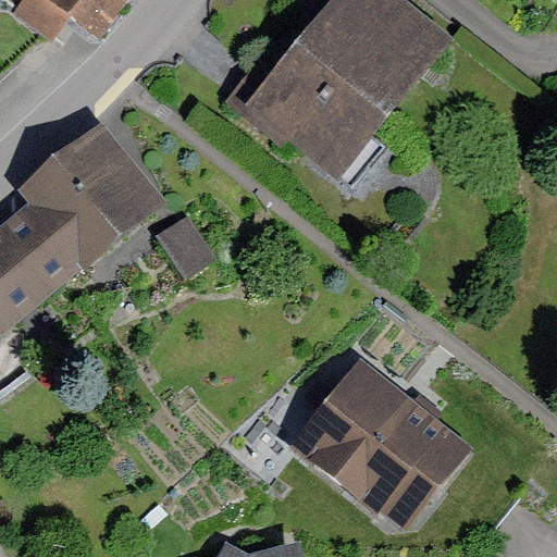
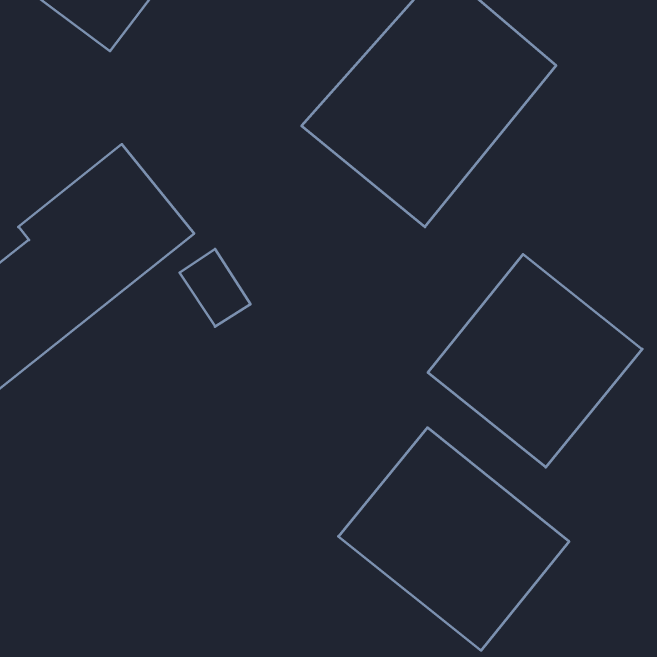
building: none -> [428,254,642,467]

